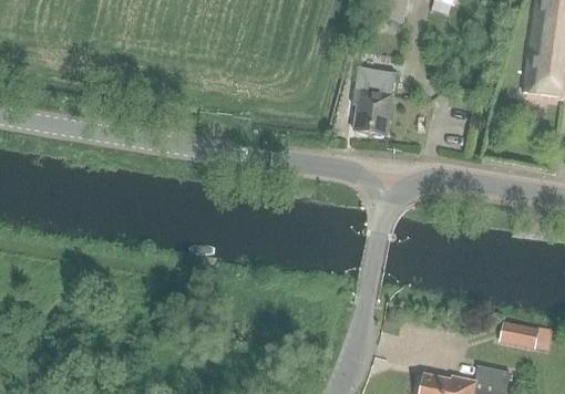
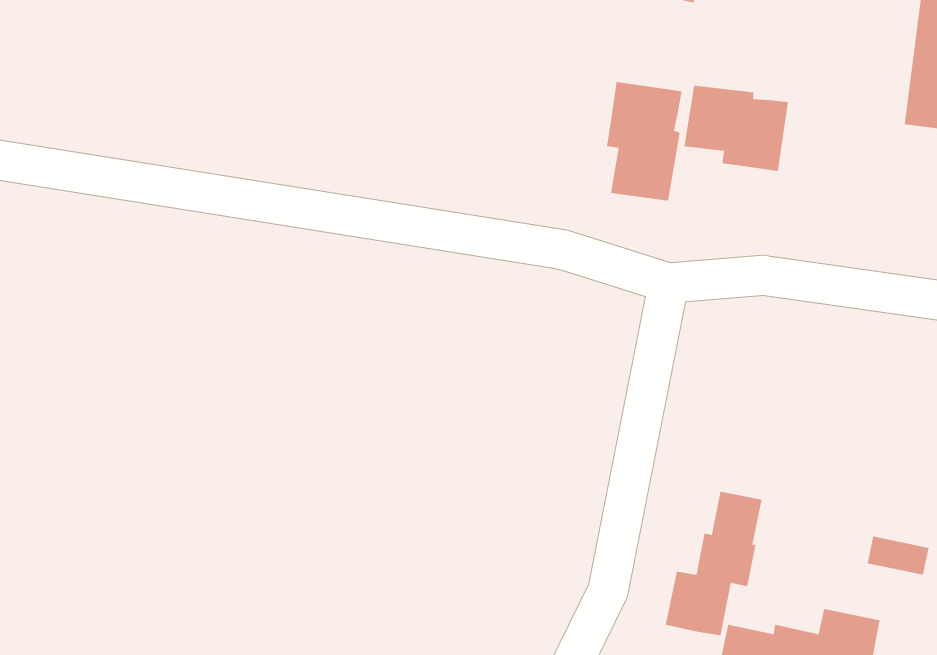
building: none -> [684,85,789,172]
building: none -> [665,491,762,636]

